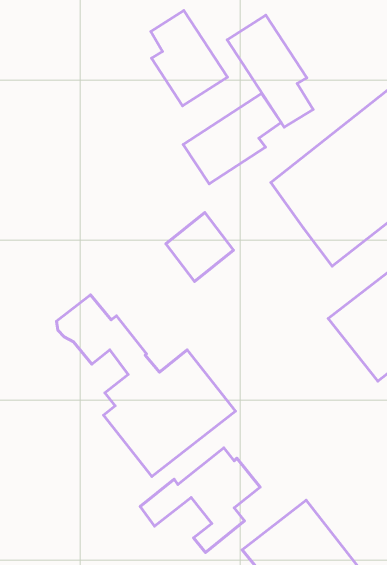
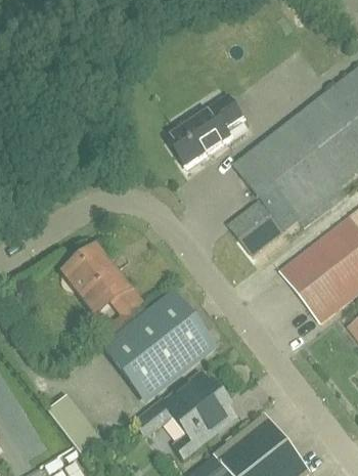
building: [151,11,227,106] -> none
building: [227,15,313,127] -> none
building: [166,212,234,282] -> [231,200,284,254]

